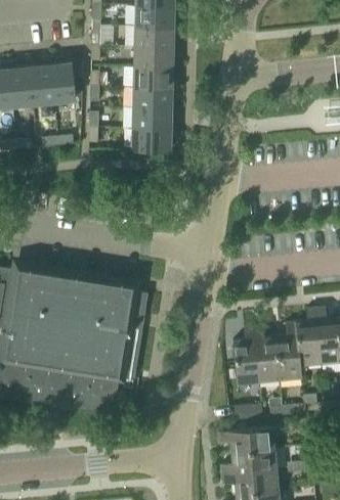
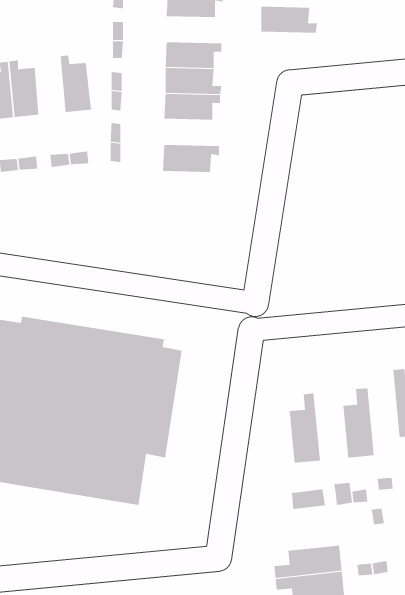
building: [133,27,179,48] -> [260,6,318,33]
building: [29,58,52,105] -> none
building: [131,108,176,130] -> none
building: [295,309,320,365] -> none
building: [252,326,279,381] -> none
building: [216,427,272,453] -> none

